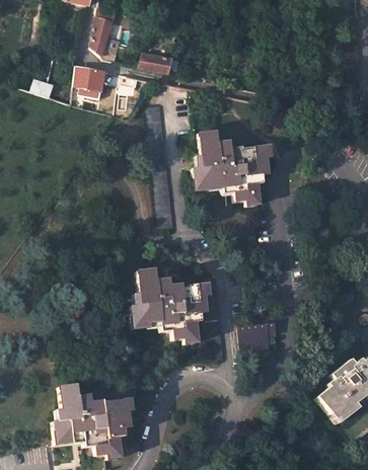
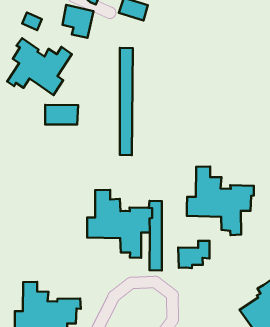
building: none -> [7,38,72,95]
building: [192,125,269,202] -> [187,167,254,235]
building: none -> [45,105,78,124]

